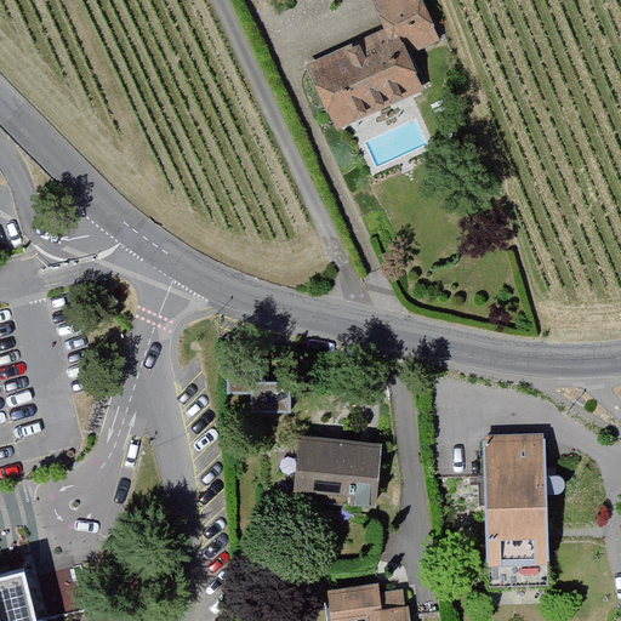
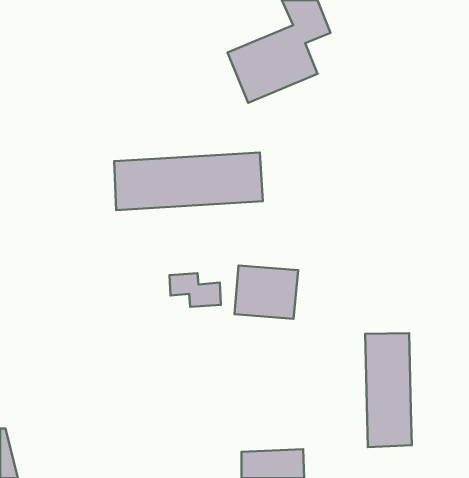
building: none -> [114,152,263,210]
building: [298,434,381,503] -> [235,266,298,319]

